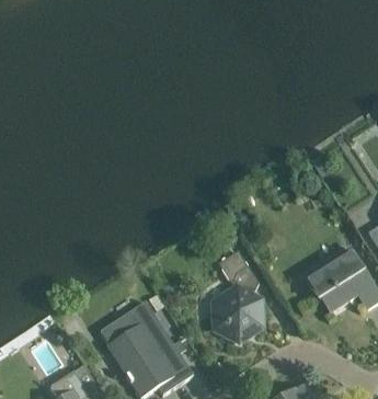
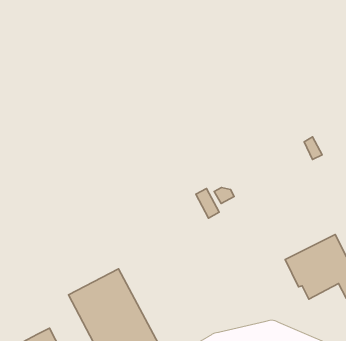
building: [210,250,264,341] -> none

